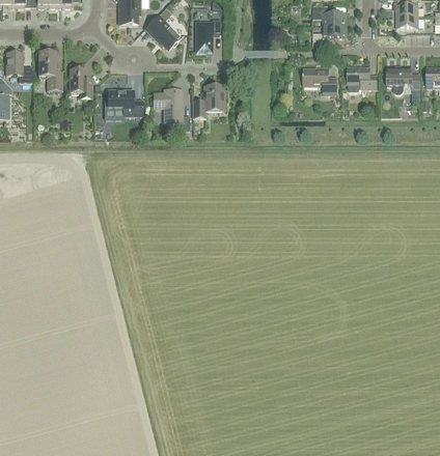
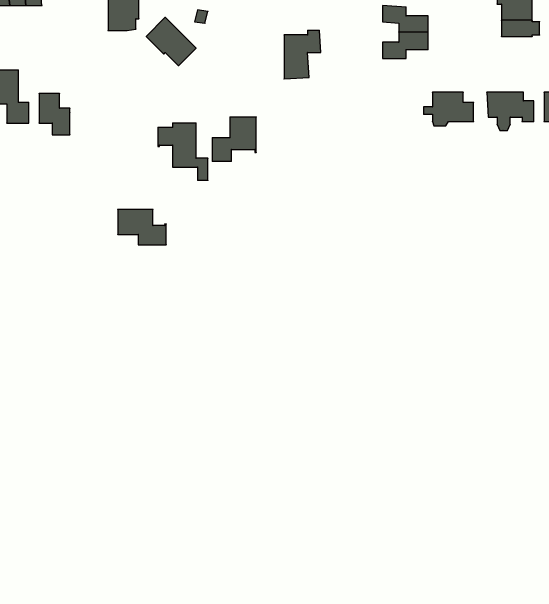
building: [195,18,221,52] -> [284,30,321,79]
building: [303,67,336,94] -> none
building: [108,89,142,114] -> [118,209,166,245]

